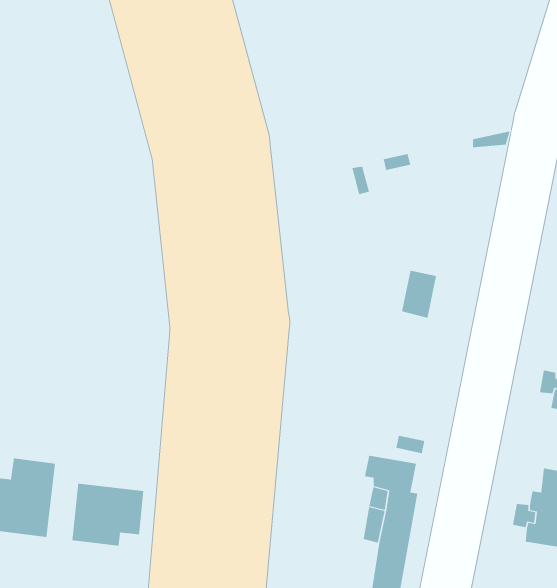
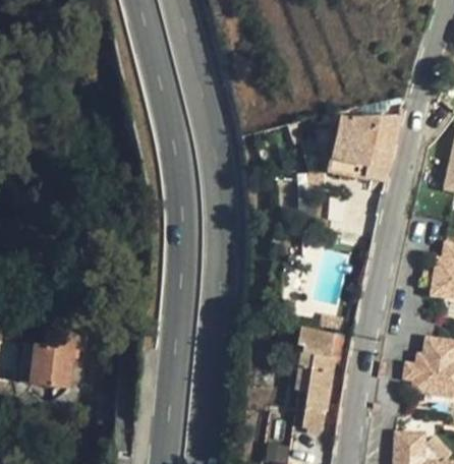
building: none -> [329,114,401,179]
building: [72,483,144,547] -> none

